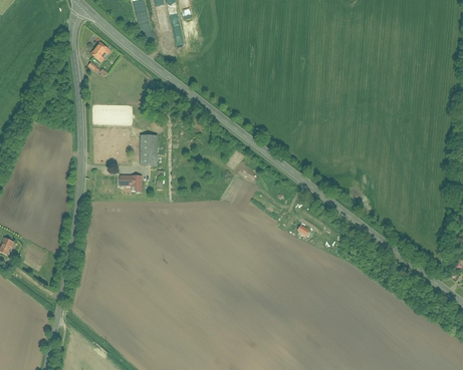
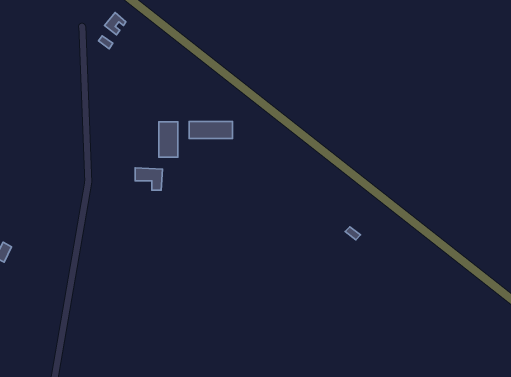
building: none -> [189,121,233,139]

